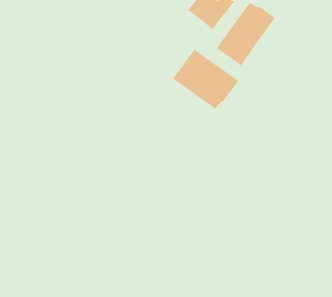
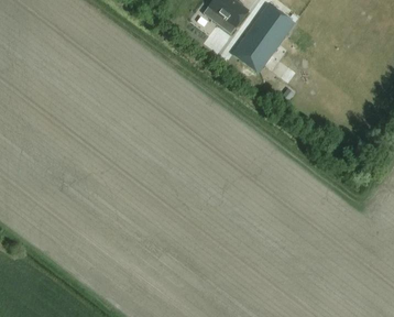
building: [172,49,239,110] -> none

